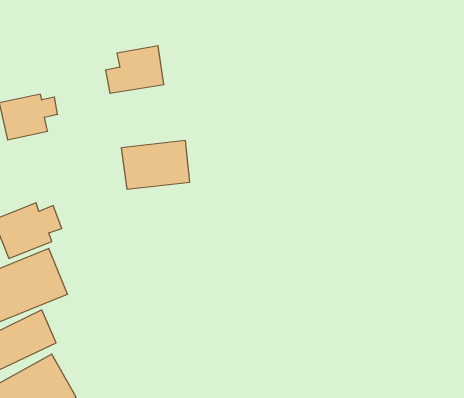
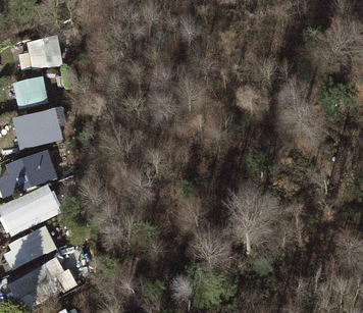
building: [105,46,164,93] -> [18,36,60,69]
building: [121,141,190,189] -> [18,110,67,145]

